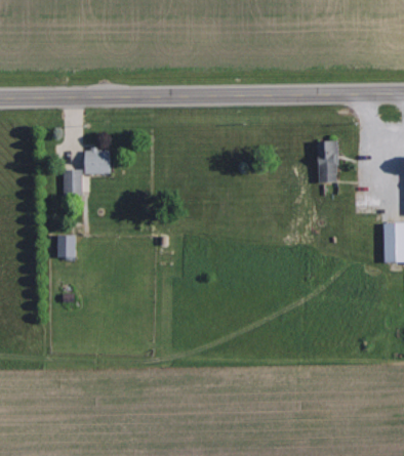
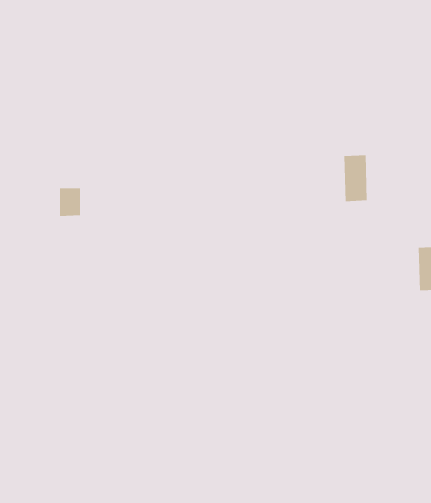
building: [83,149,111,174] -> none
building: [57,235,76,257] -> none

